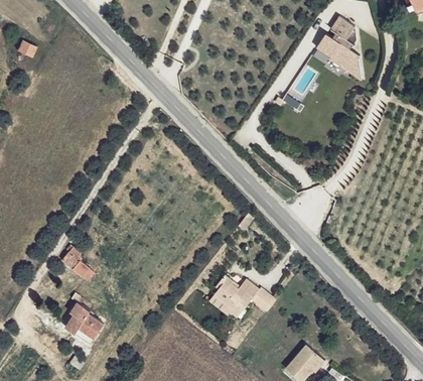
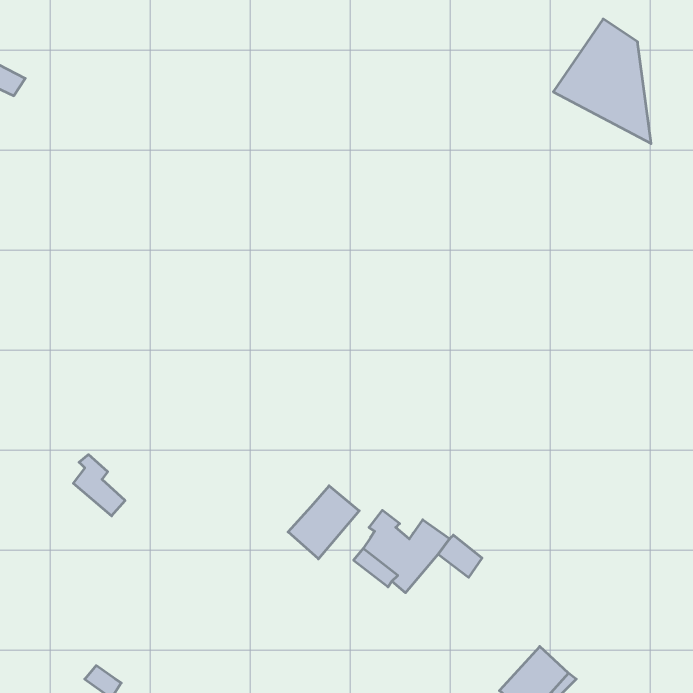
building: none -> [288,486,359,559]
building: [65,295,105,343] -> none

